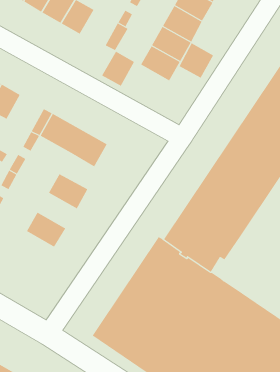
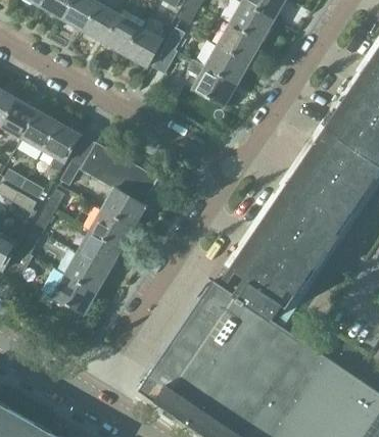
building: [179,42,214,79] -> none
building: [101,51,135,87] -> [125,28,162,67]
building: none -> [43,123,80,162]
building: none -> [101,188,146,228]
building: none -> [77,232,122,272]
building: none -> [52,275,96,314]

